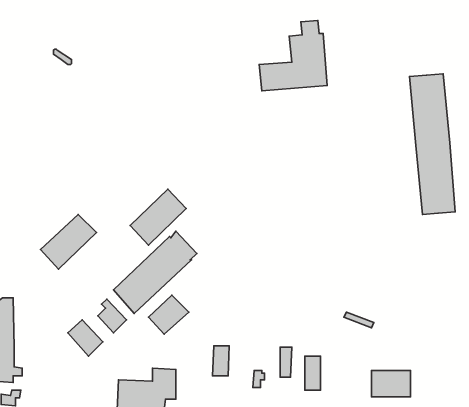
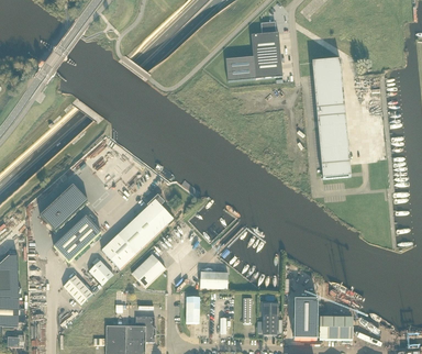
building: [409,74,455,215] -> [312,58,351,177]
building: [130,189,186,245] -> [54,214,101,262]
building: none -> [200,270,229,288]
building: none -> [293,299,318,339]

